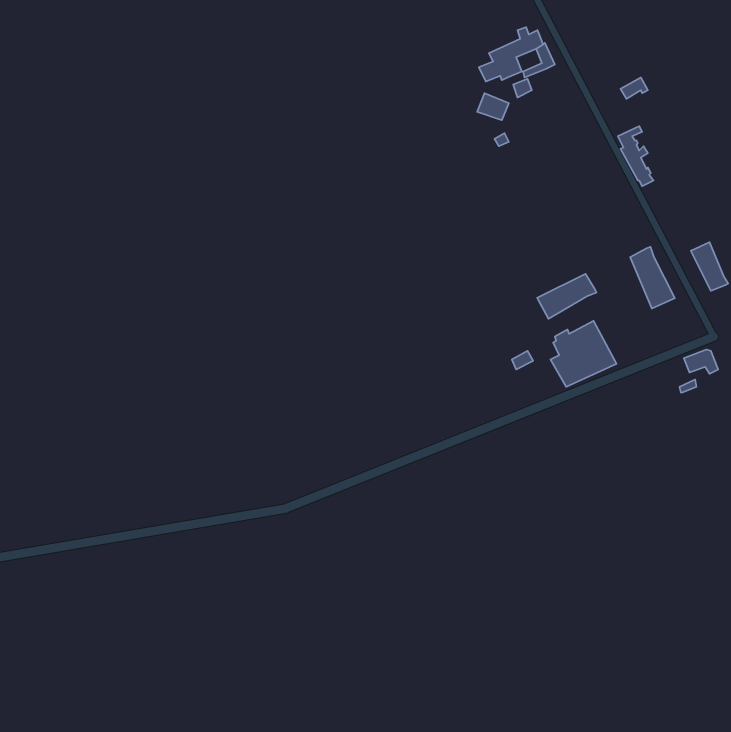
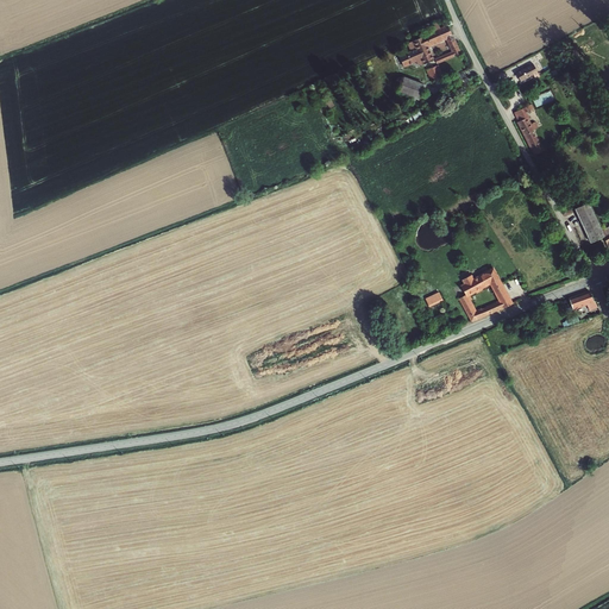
building: [630,247,675,309] -> none
building: [537,274,596,319] -> none

